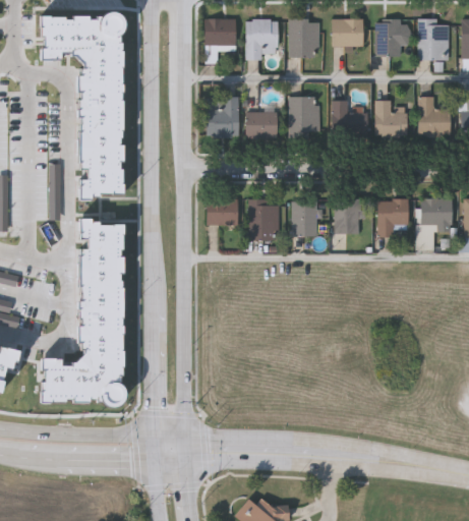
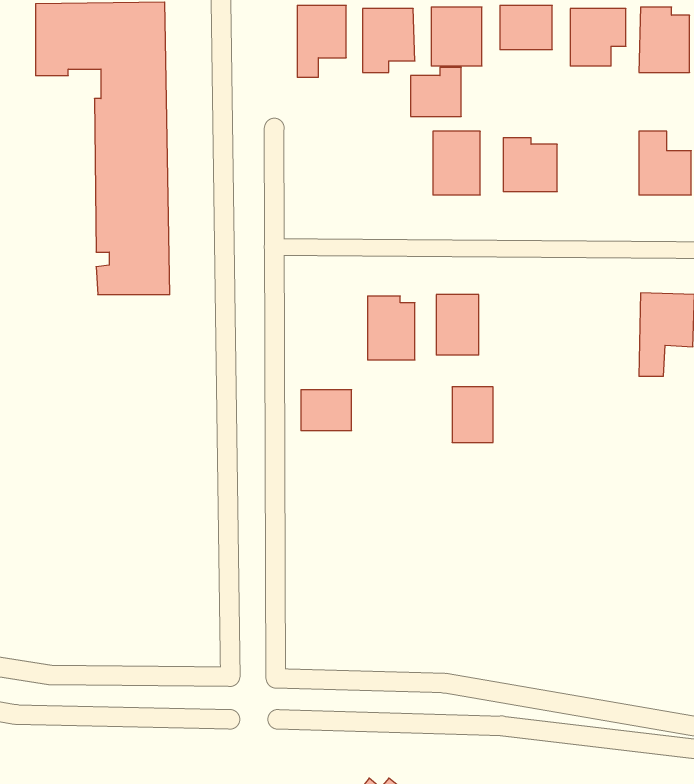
building: [207,98,238,136] -> none
building: [374,101,406,136] -> none
building: [245,106,277,136] -> [411,67,461,116]
building: [206,198,237,224] -> [301,390,352,431]
building: [335,198,360,233] -> [452,387,493,442]
building: [377,199,408,237] -> none
building: [42,223,125,404] -> none

